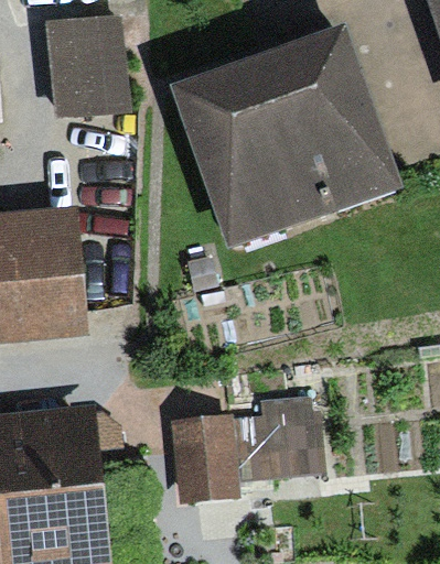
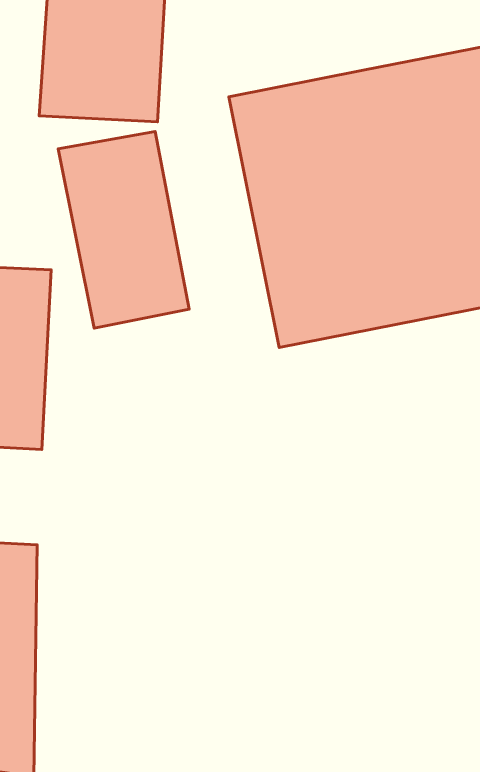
building: none -> [58,132,189,328]
building: [176,395,323,503] -> none

